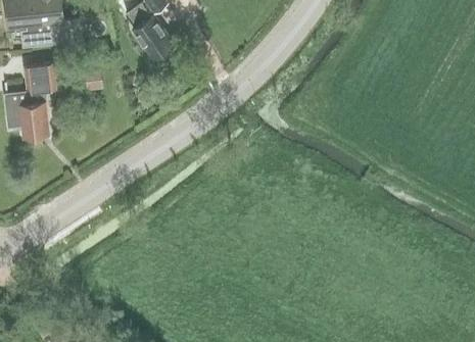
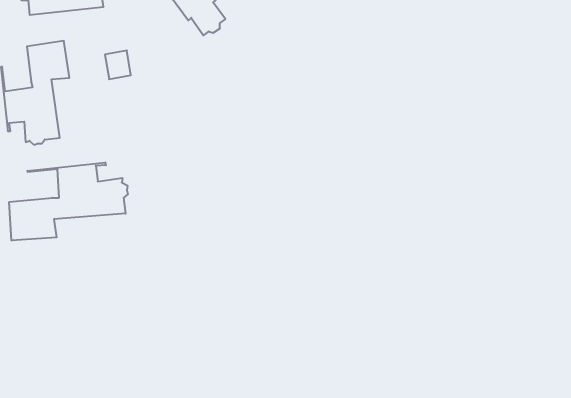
building: none -> [9,162,128,241]

